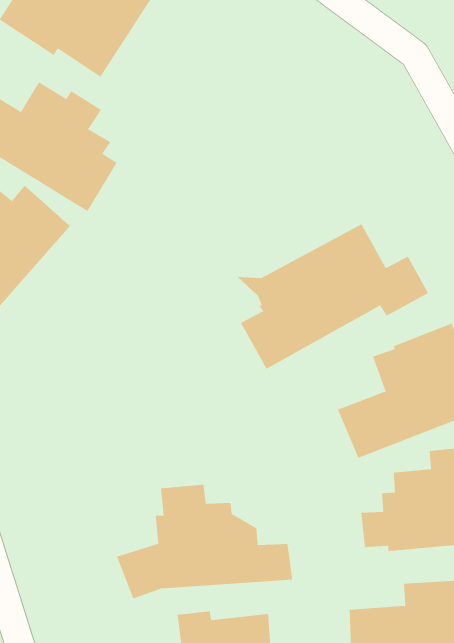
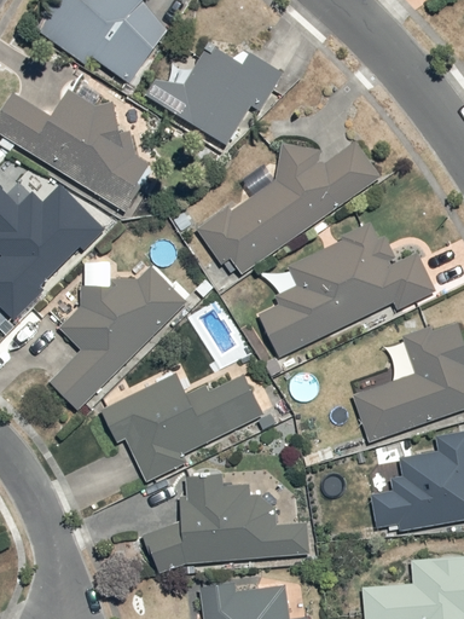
building: none -> [145,45,282,146]
building: none -> [197,143,377,272]
building: none -> [47,264,187,407]
building: none -> [101,372,263,480]

